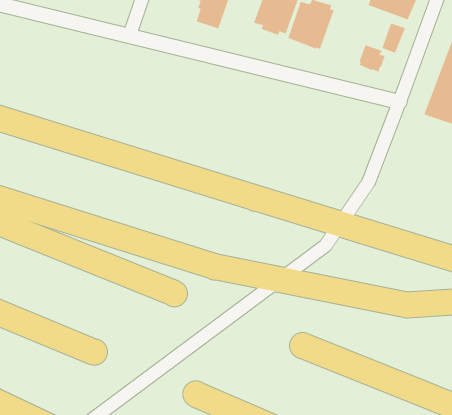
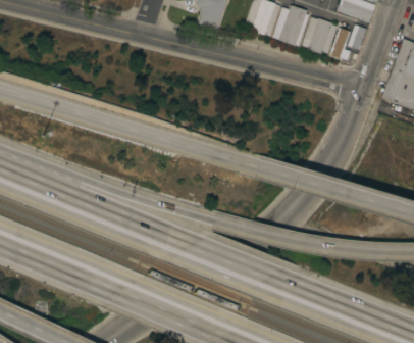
building: none -> [302,16,338,54]

